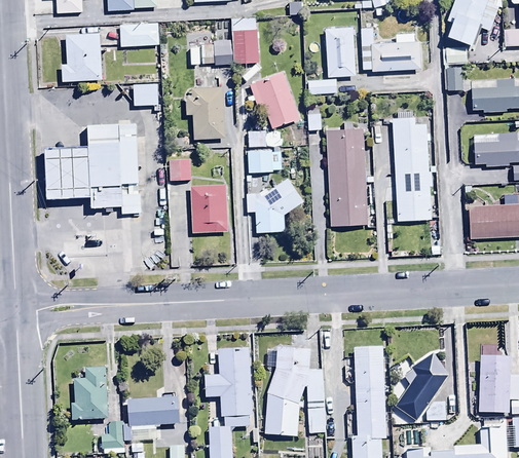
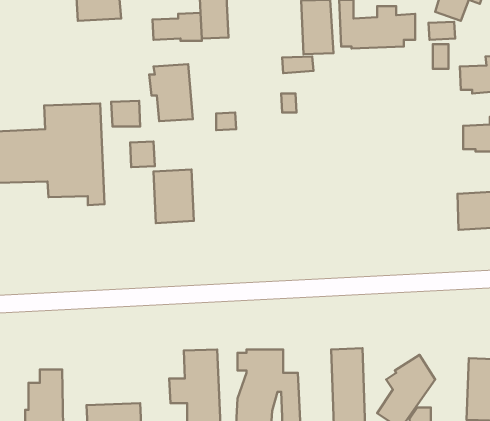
building: [62,32,103,80] -> none
building: [248,71,299,127] -> none
building: [134,81,160,105] -> [111,101,140,127]
building: [393,110,434,220] -> none
building: [326,121,368,226] -> none
building: [248,148,273,171] -> none
building: [246,176,304,232] -> none

